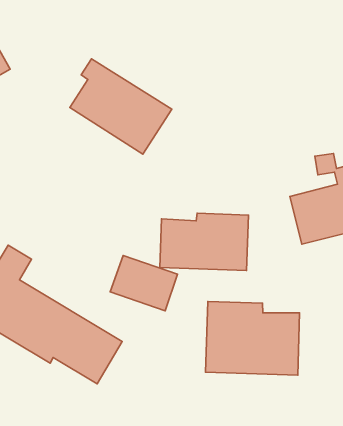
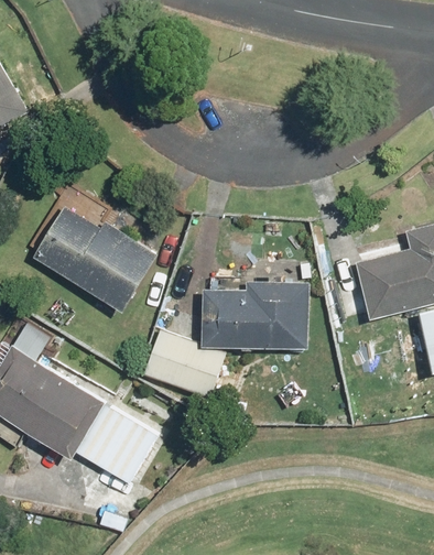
building: [70,59,172,154] -> [33,198,153,311]
building: [206,302,300,375] -> none

